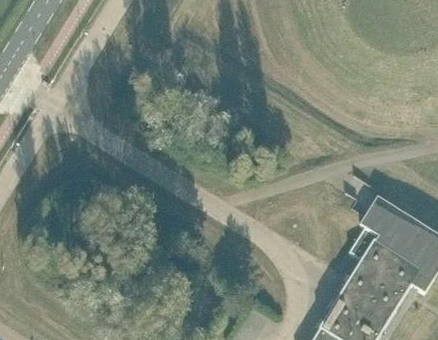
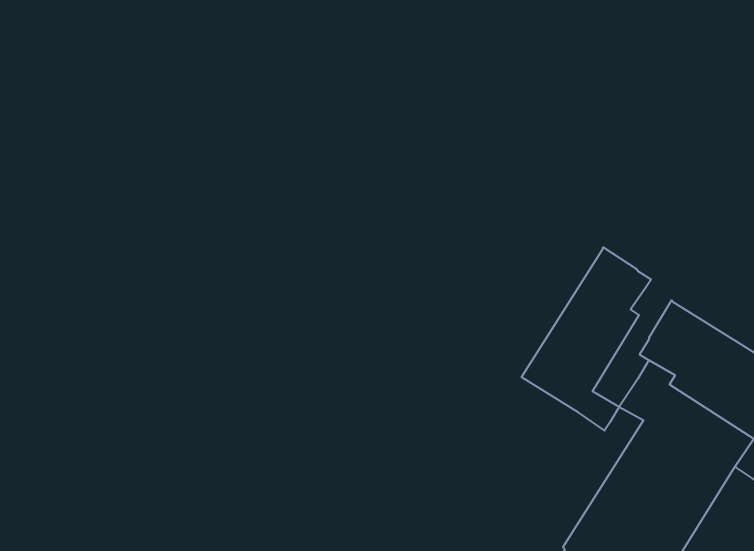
building: none -> [522,247,651,431]

